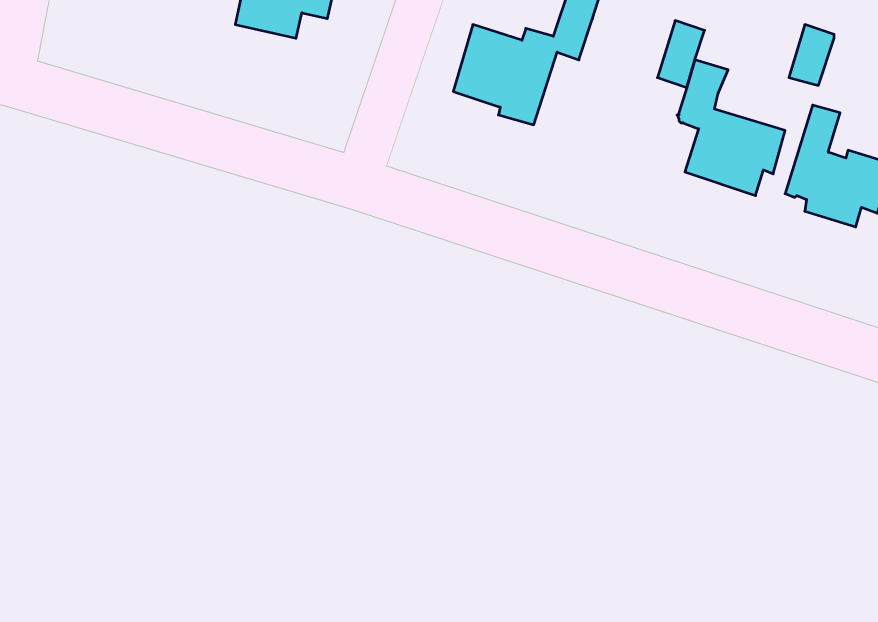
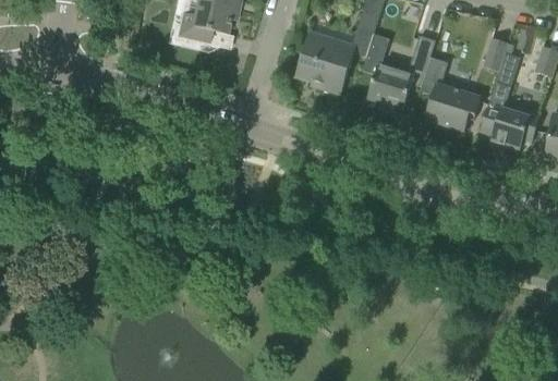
building: none -> [363,34,414,112]

